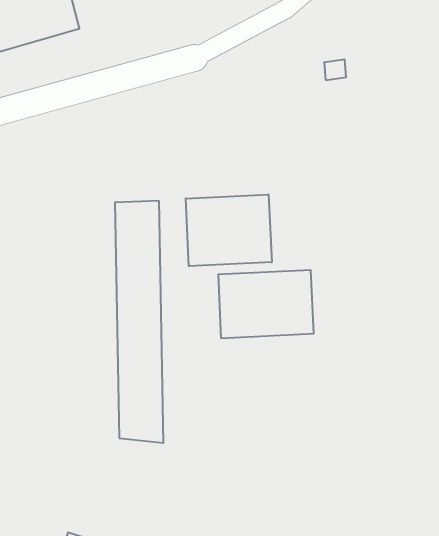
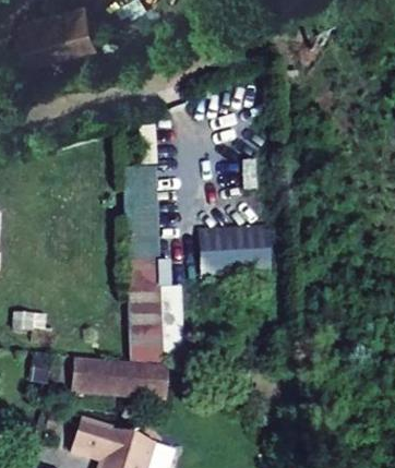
building: [186,194,272,266] -> none
building: none -> [73,361,163,396]

